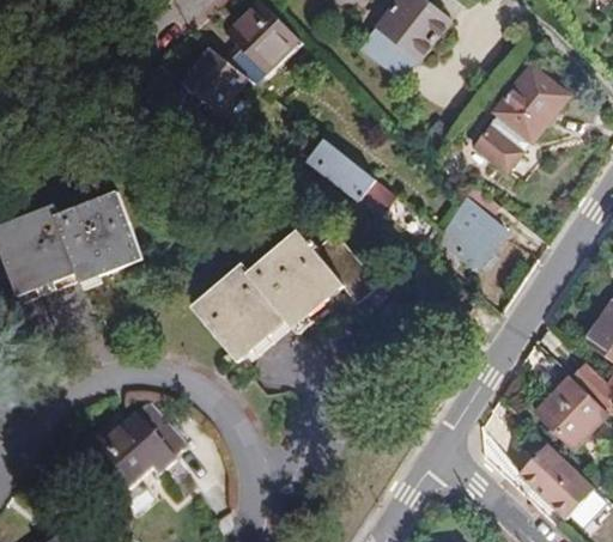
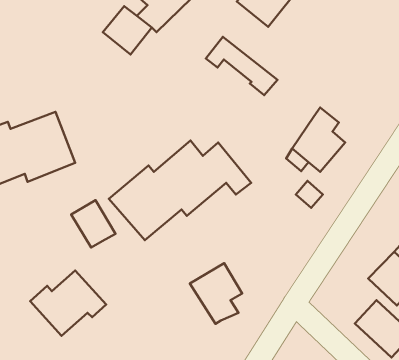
building: [474,66,566,170] -> none
building: [299,138,395,215] -> [206,37,278,95]
building: none -> [71,200,116,248]
building: none -> [190,263,242,324]

